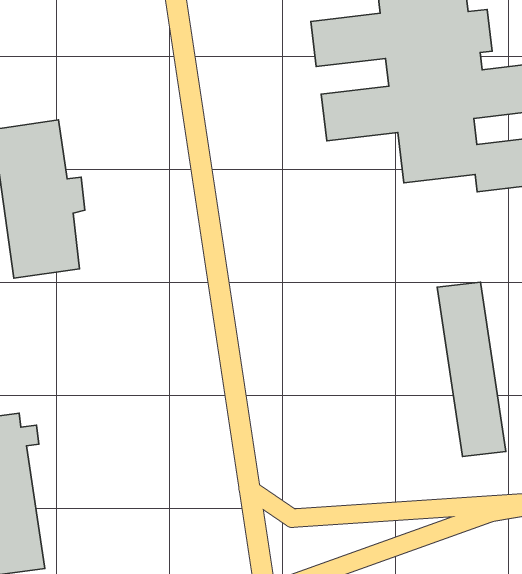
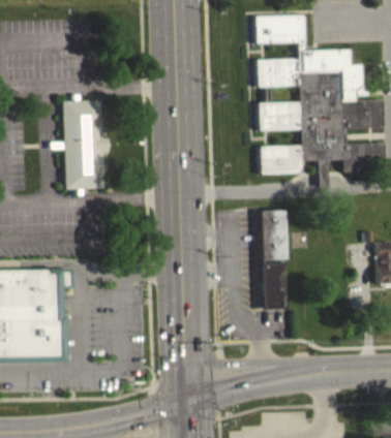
building: none -> [260,145,301,174]
building: [437,282,506,457] -> [259,209,288,310]

